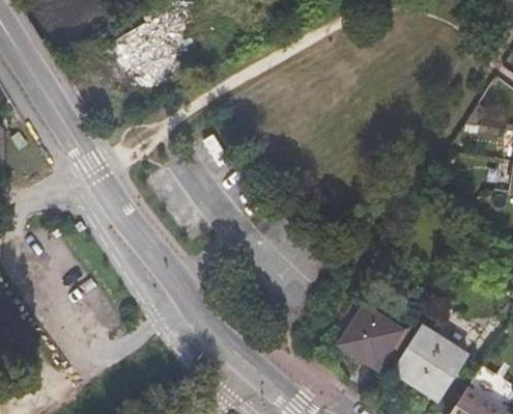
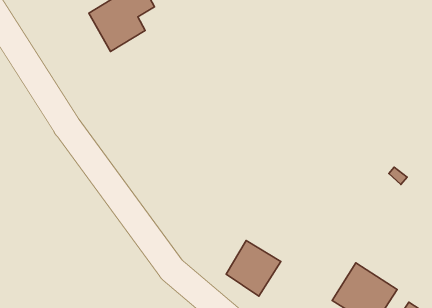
building: [342,307,404,370] -> [226,241,281,296]

